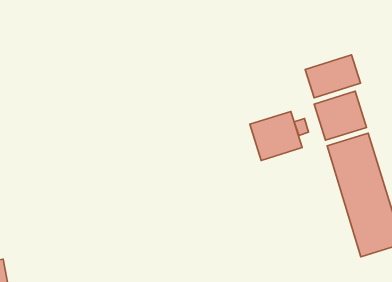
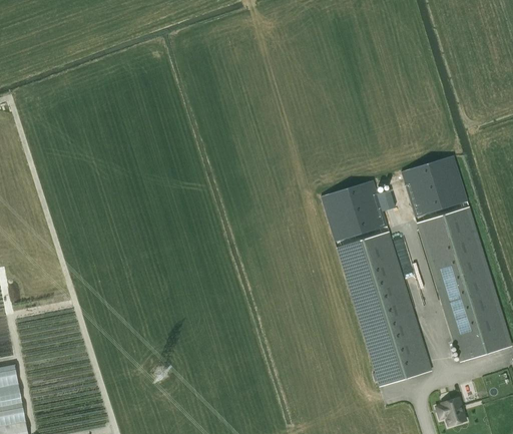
building: [305,55,361,98] -> none
building: none -> [337,233,432,386]

